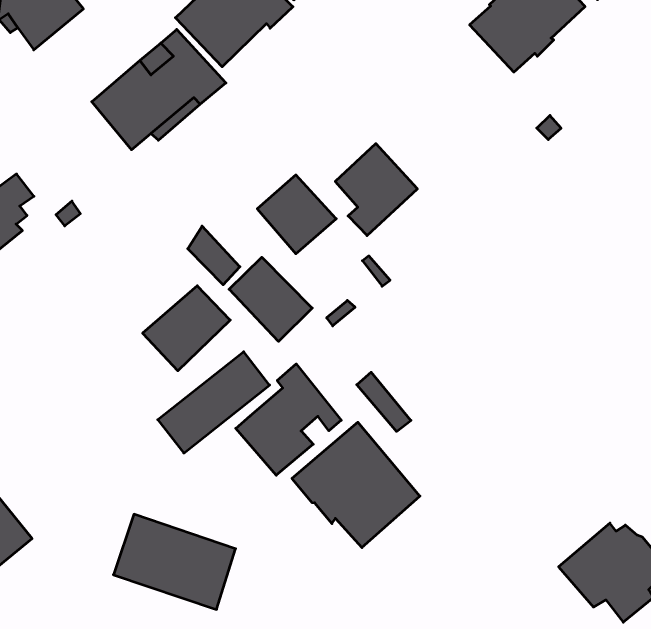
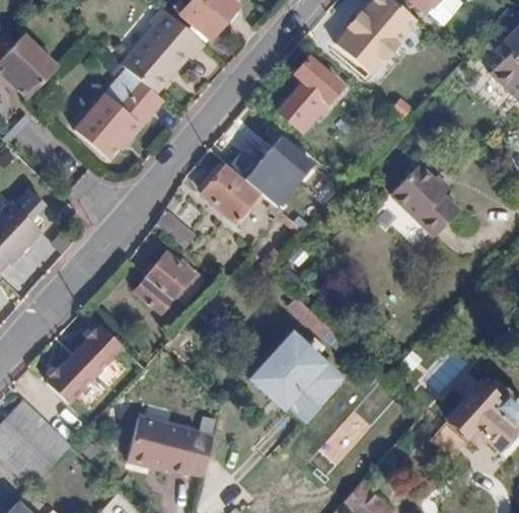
building: none -> [278,57,342,131]
building: none -> [390,165,458,237]
building: [229,257,312,341] -> none
building: [158,352,270,453] -> [46,325,122,402]
building: [236,364,341,475] -> none

